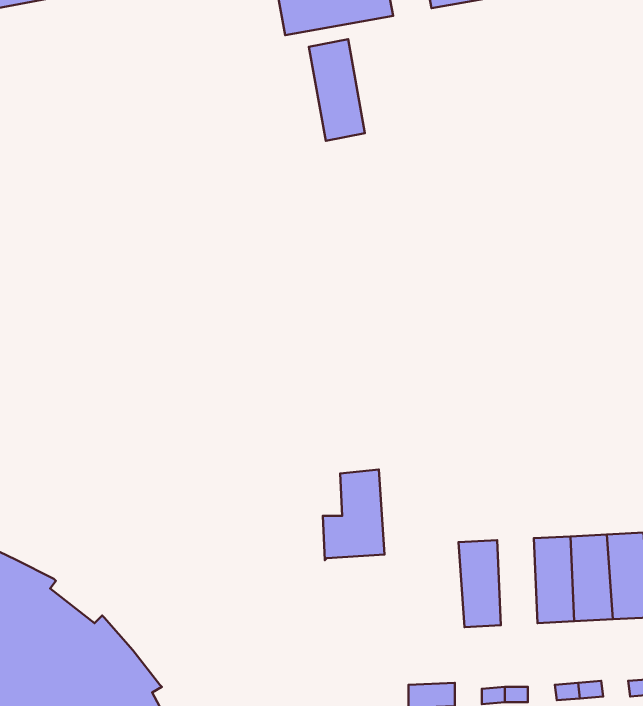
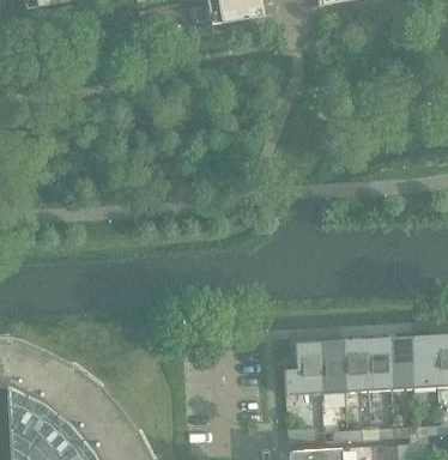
building: [309,39,365,141] -> none
building: [323,470,385,560] -> [286,340,325,397]
building: none -> [345,338,370,392]

